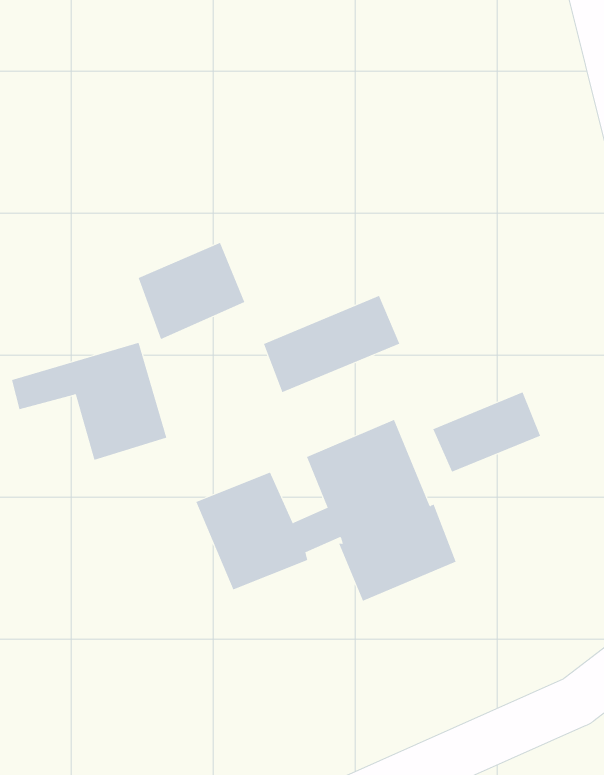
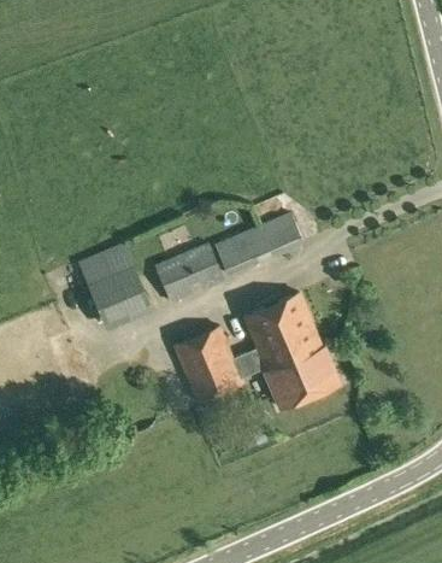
building: [138,242,245,340] -> [154,241,223,304]
building: [433,391,541,472] -> none

